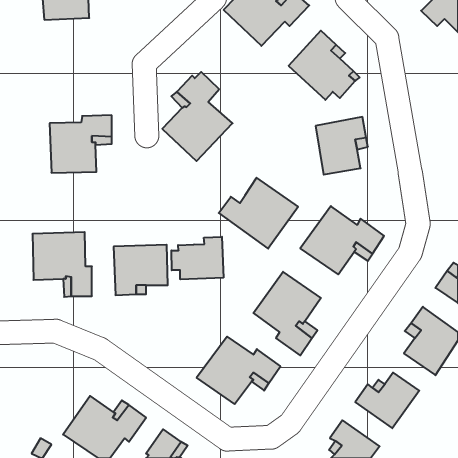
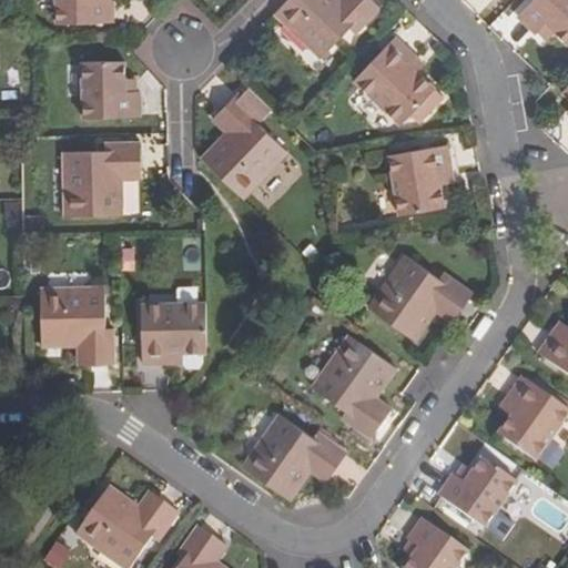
building: none -> [80,61,136,118]
building: [219,178,298,249] -> none
building: [171,237,223,279] -> none

